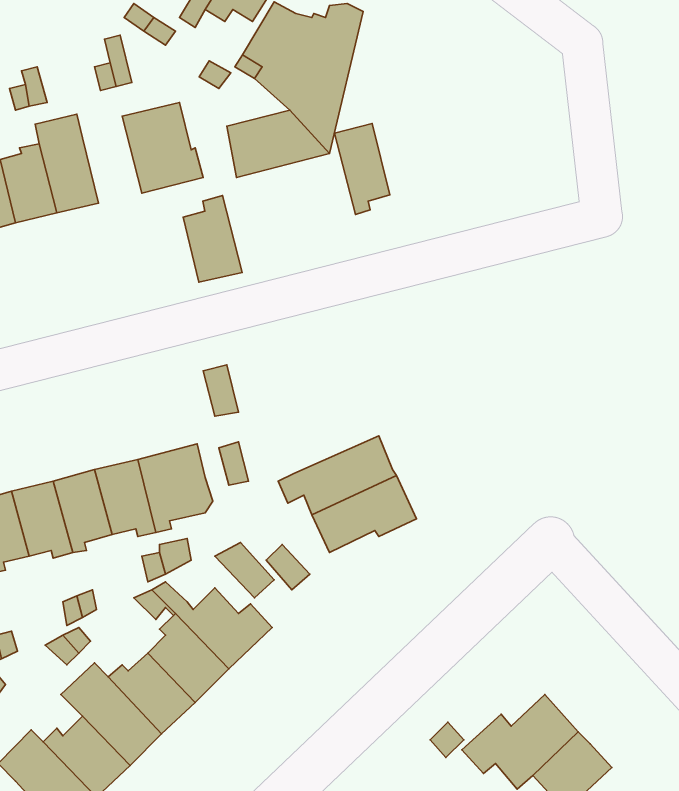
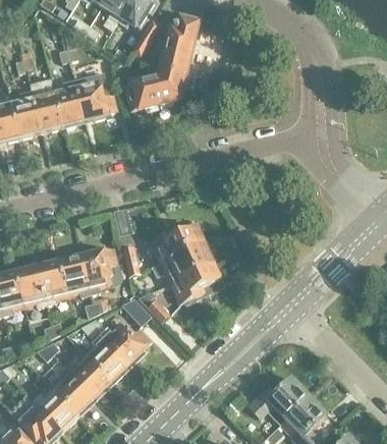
building: [334,123,390,215] -> none
building: [183,195,242,282] -> [54,78,85,123]
building: none -> [153,222,207,263]

